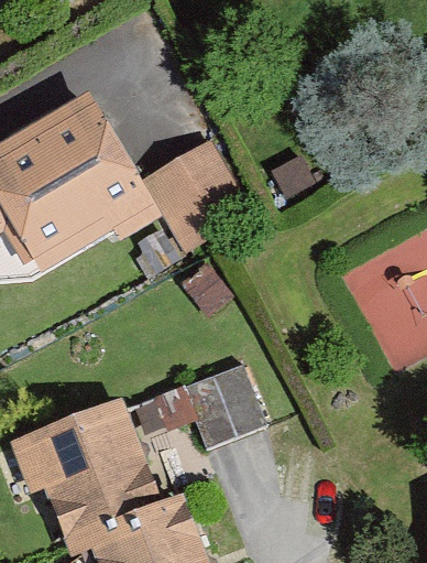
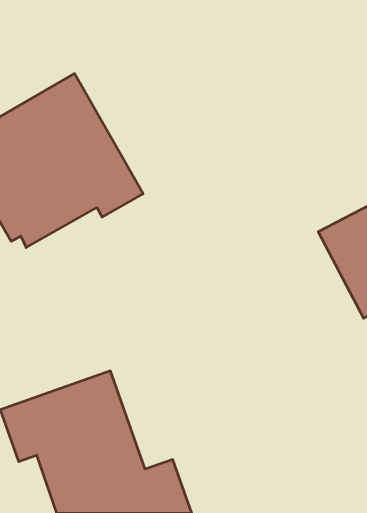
building: [141,138,250,248] -> none
building: [183,360,263,442] -> none

